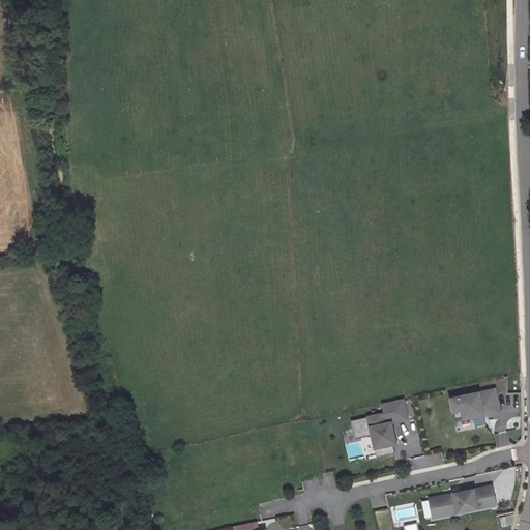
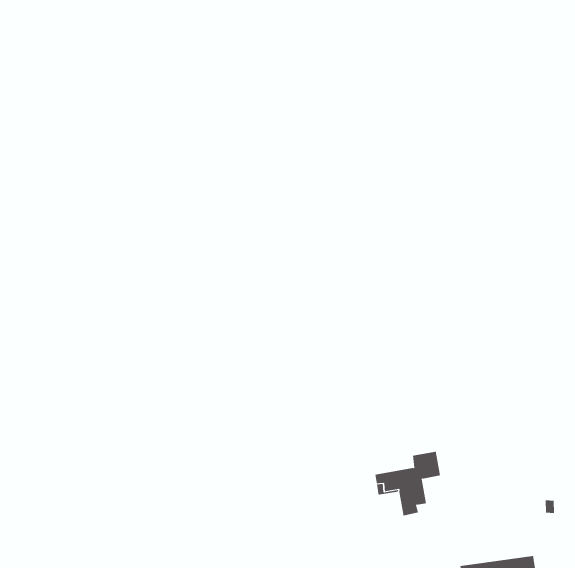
building: [450,387,498,424] -> none

